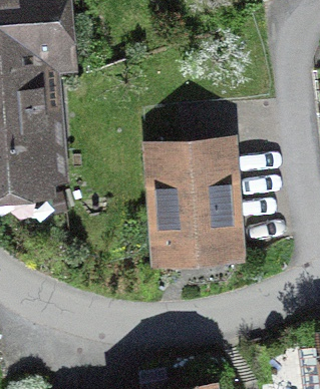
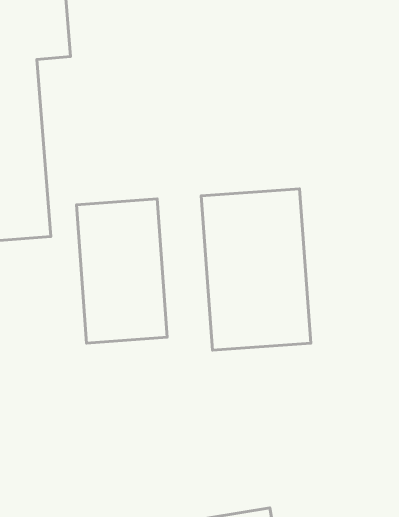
building: none -> [76,199,167,343]

